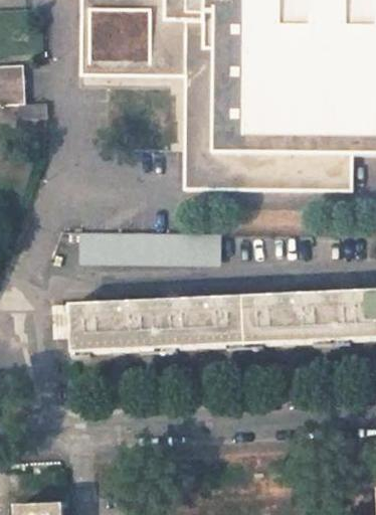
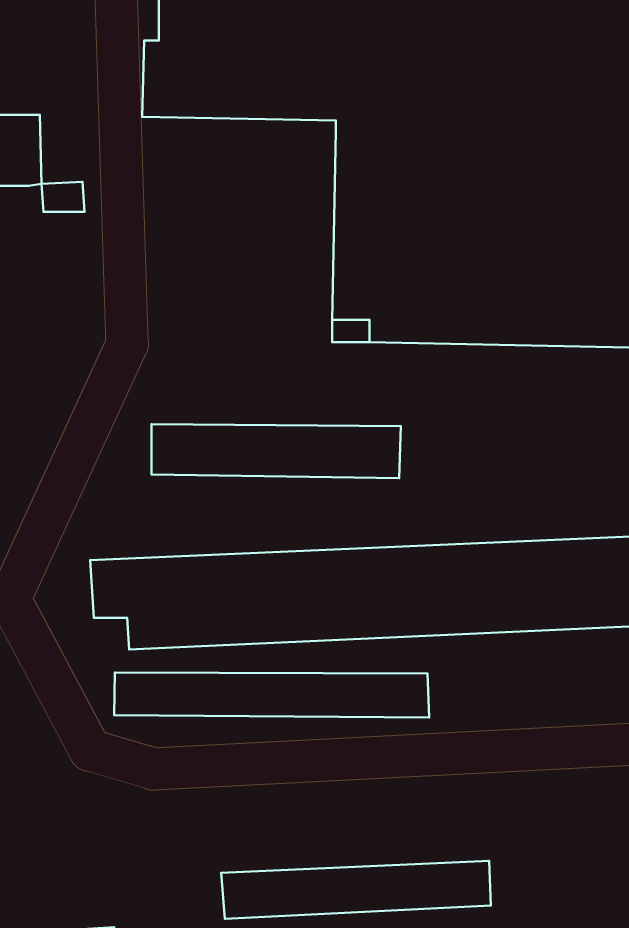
building: none -> [114,673,429,717]
building: none -> [221,861,491,919]

